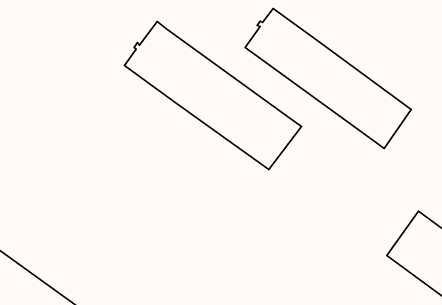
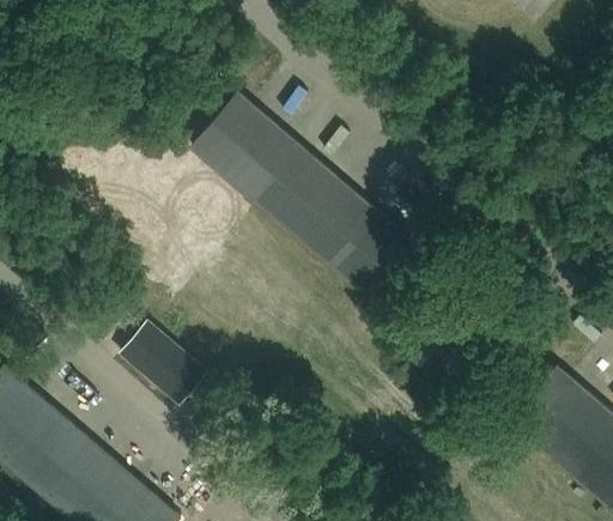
building: [245,8,411,148] -> none
building: none -> [121,321,207,402]

